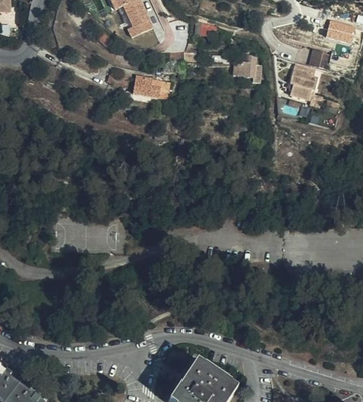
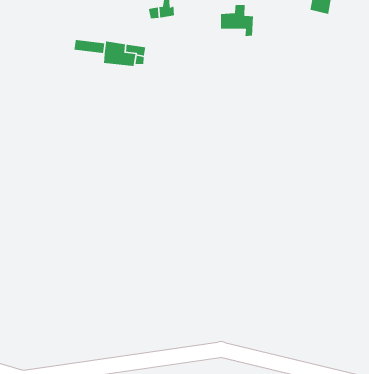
building: [293,61,319,92] -> none

